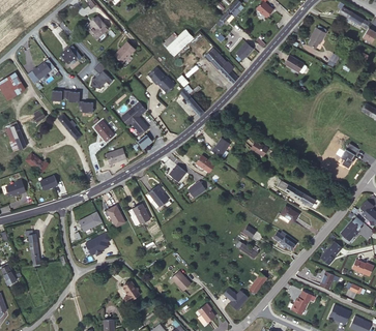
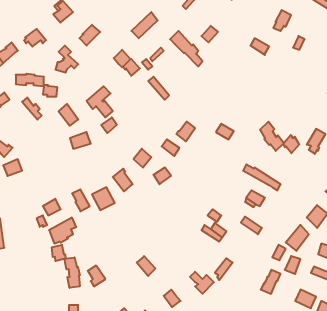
building: none -> [260,122,299,153]
building: none -> [52,245,80,288]

